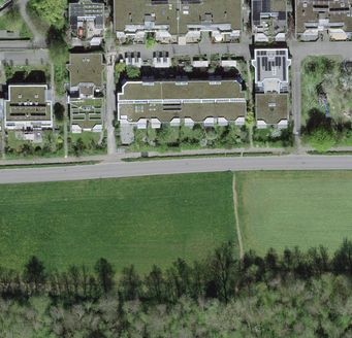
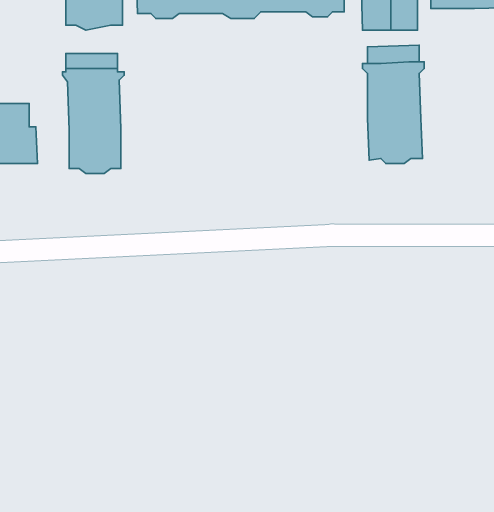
building: [117,77,245,121] -> none

